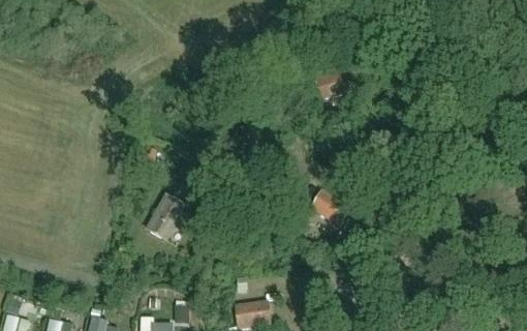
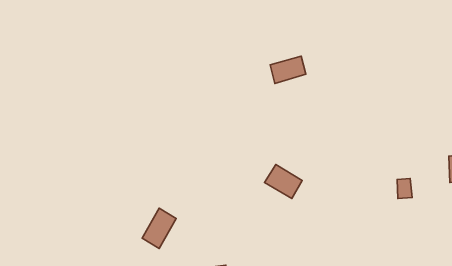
building: [147,194,184,239] -> [142,208,176,248]

